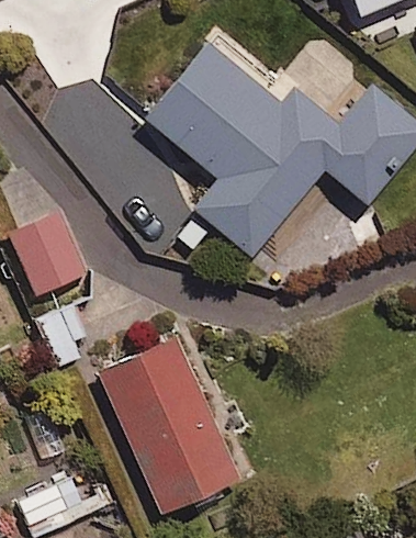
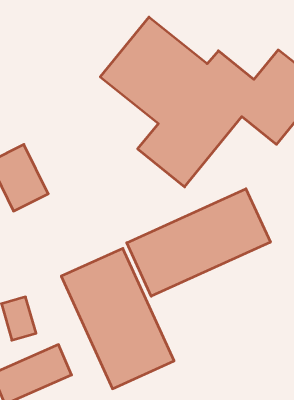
building: none -> [127,189,270,296]

